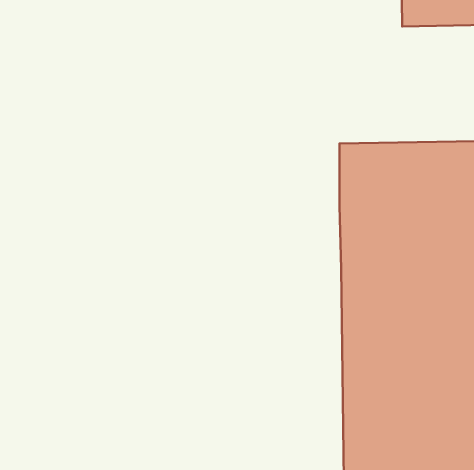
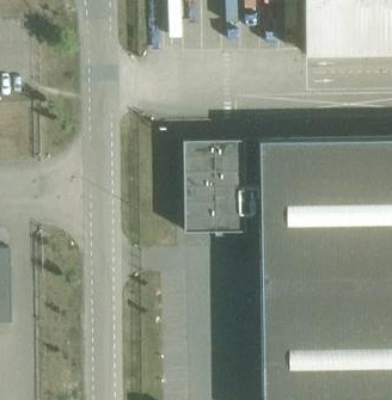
building: none -> [184,142,261,233]

